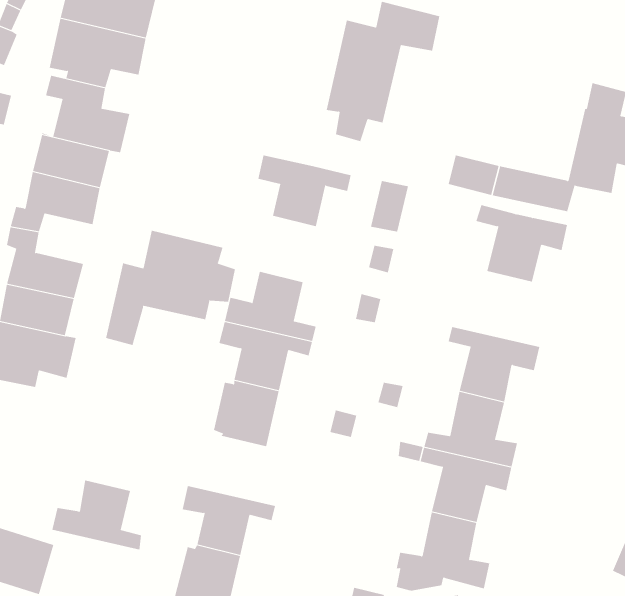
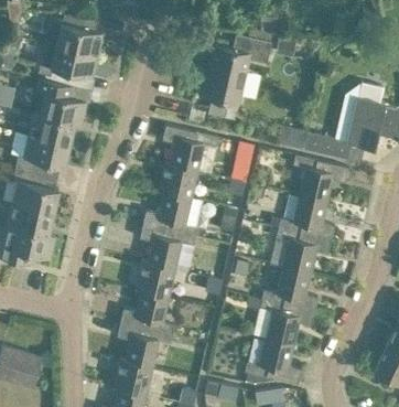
building: none -> [159,162,198,202]
building: [105,230,235,346] -> none
building: none -> [279,195,335,240]
building: [51,480,142,550] -> [121,293,175,335]

